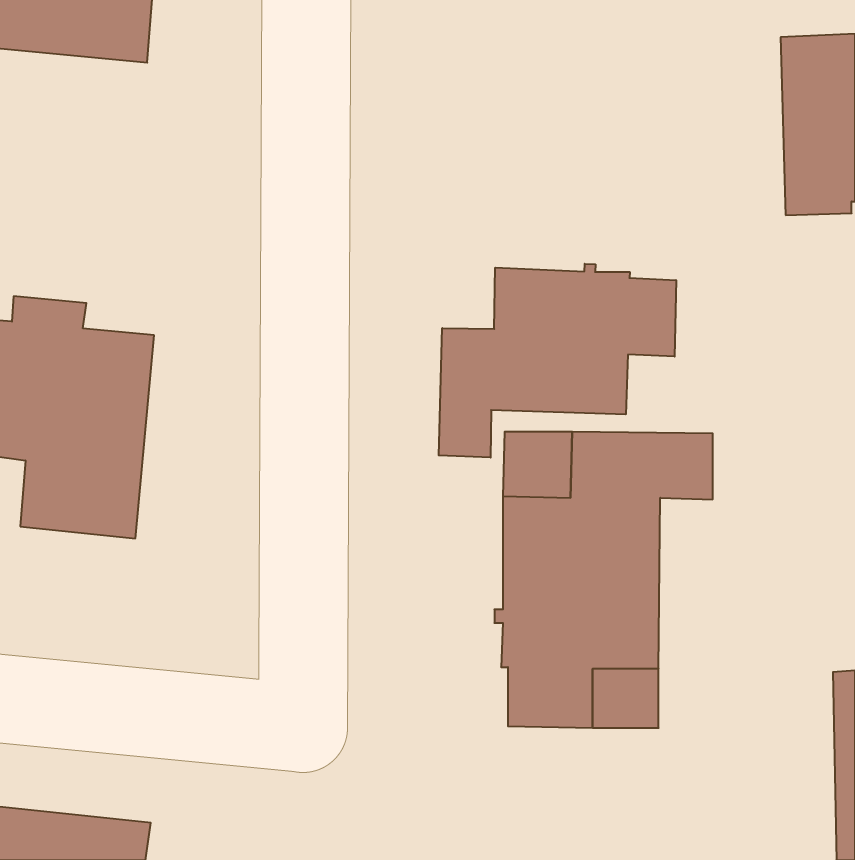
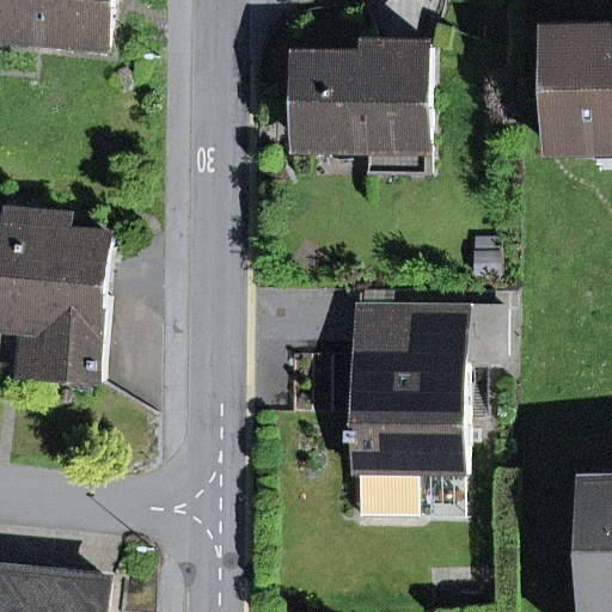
building: none -> [300,42,428,171]
building: [439,264,676,458] -> none

